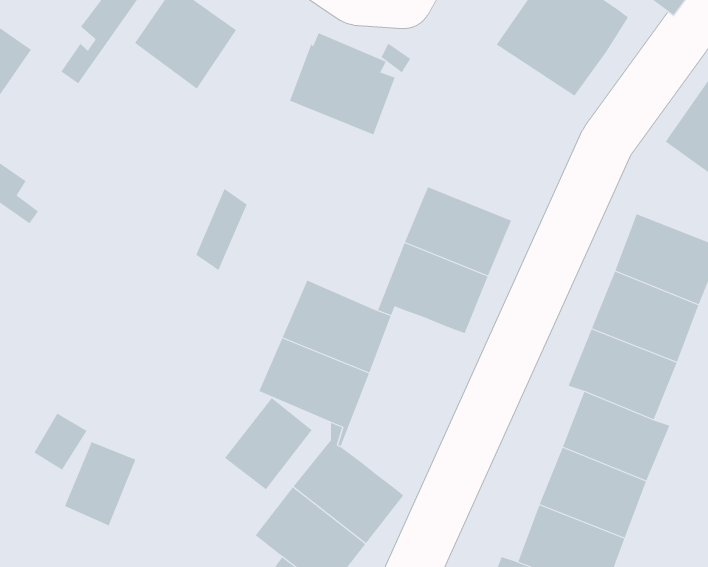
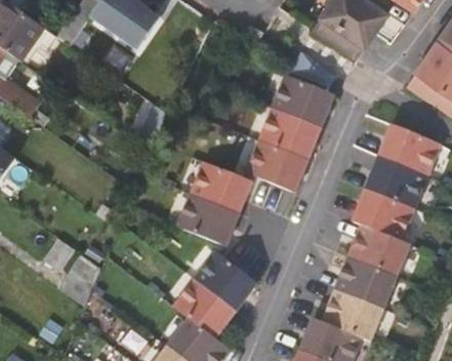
building: [289,33,395,135] -> [271,69,331,127]
building: [224,397,312,490] -> none

